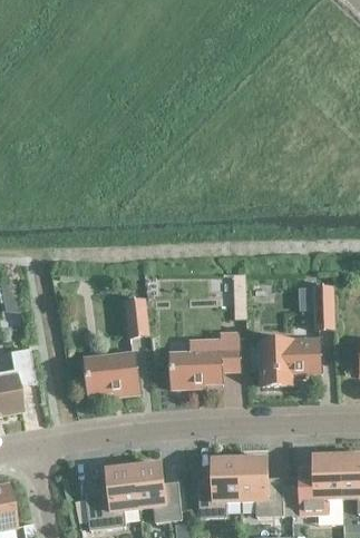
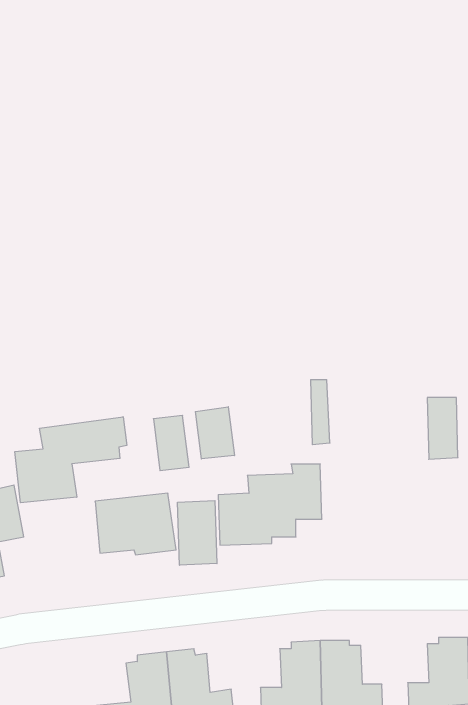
building: none -> [195,407,234,459]
building: none -> [15,417,127,503]
building: [259,339,320,384] -> none
building: none -> [178,501,217,565]

